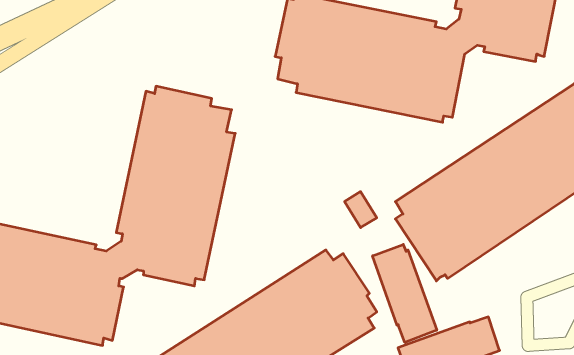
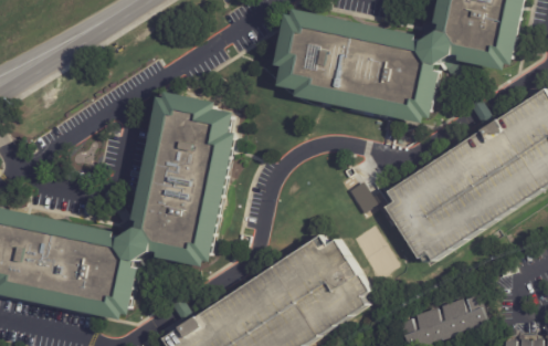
building: [373,244,437,342] -> none

